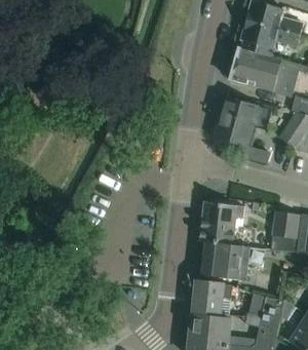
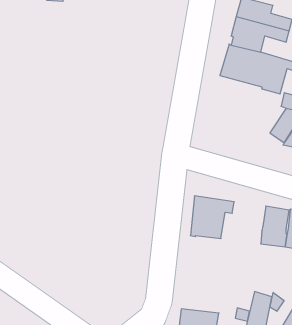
building: [214,98,271,145] -> none
building: [201,240,251,280] -> none
building: [192,280,231,315] -> none

